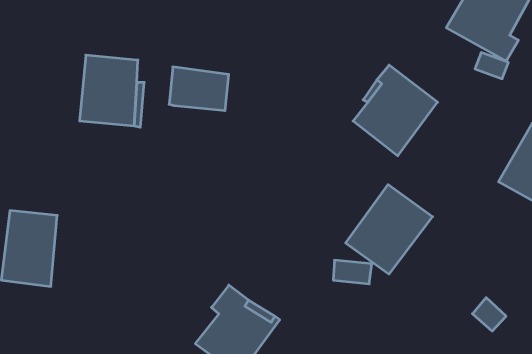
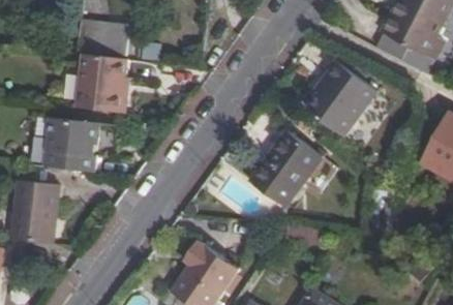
building: [169,67,229,111] -> [74,21,124,57]
building: none -> [43,119,97,173]
building: [346,185,433,274] -> [250,130,323,205]

